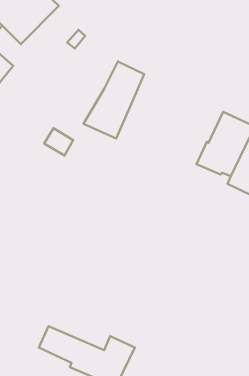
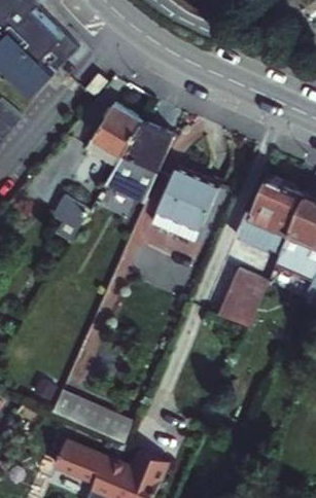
building: none -> [87,101,144,167]
building: none -> [153,165,222,239]
building: none -> [219,264,269,322]
building: none -> [51,392,132,441]

